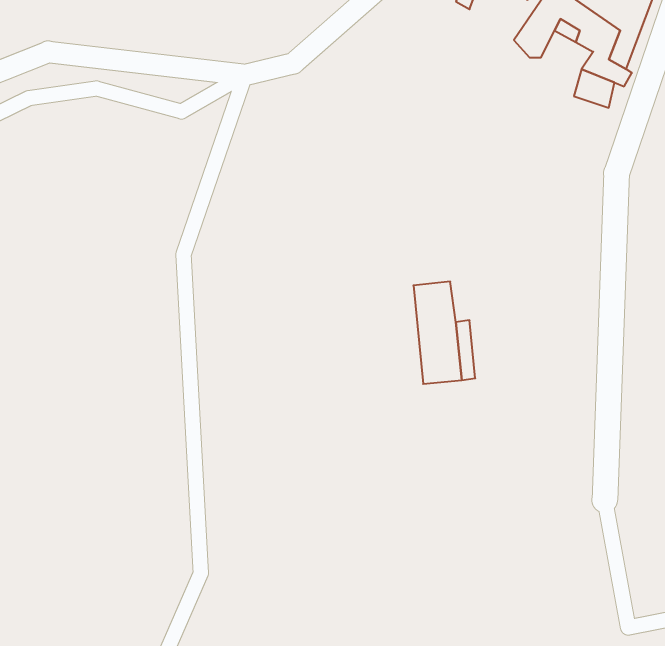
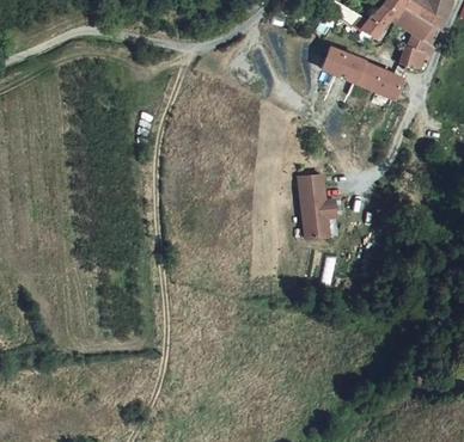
building: none -> [324,45,402,99]

